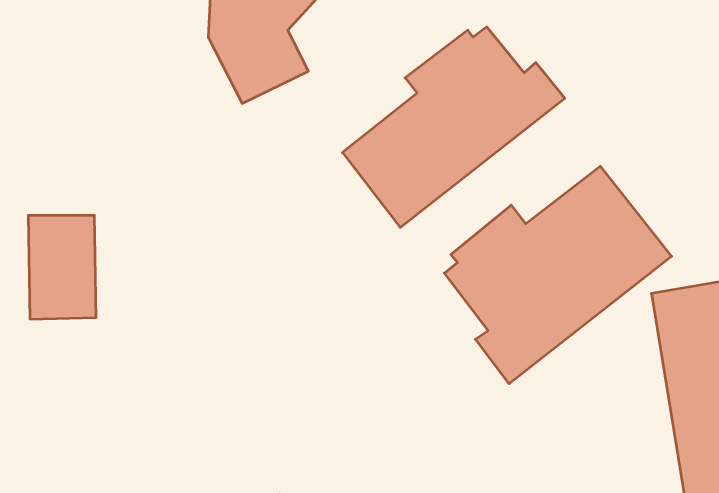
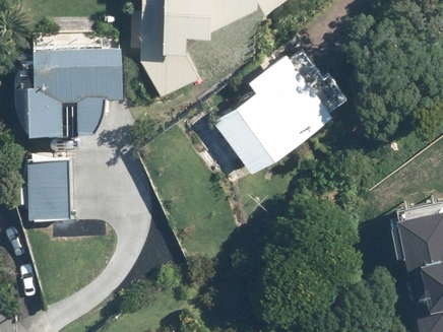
building: none -> [27,42,112,132]
building: [444,166,672,384] -> none

